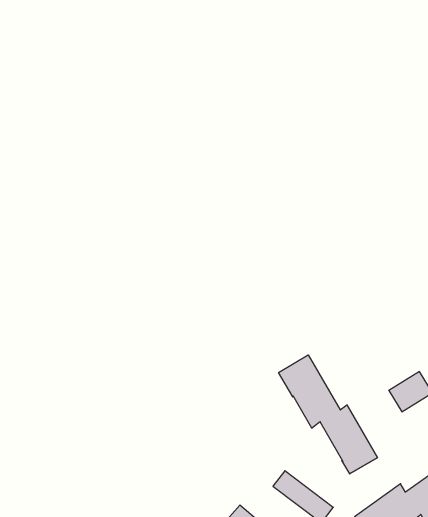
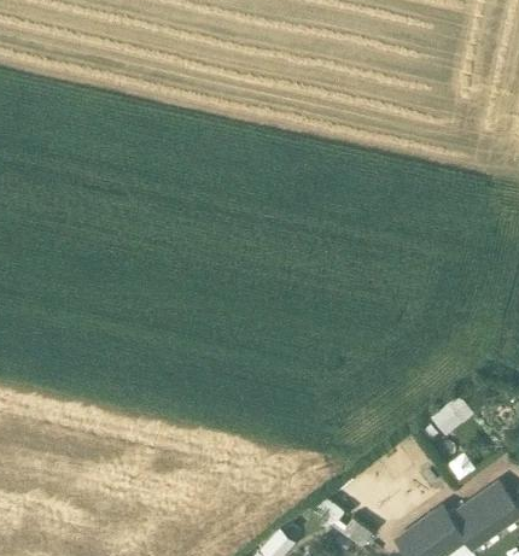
building: [279,355,377,474] -> none

